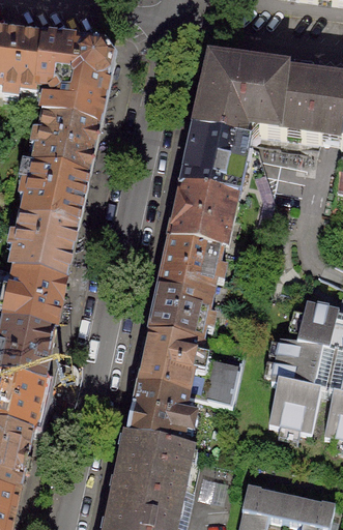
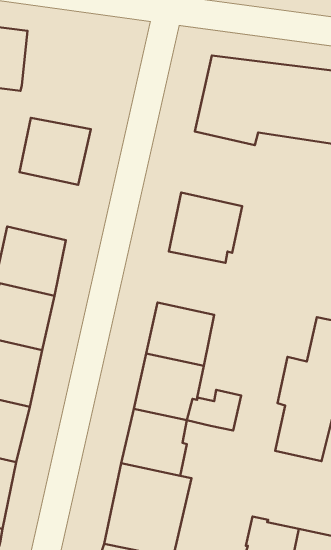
building: [35,33,114,123] -> none
building: [181,125,249,194] -> none
building: [22,163,87,225] -> none
building: [160,235,222,293] -> none

